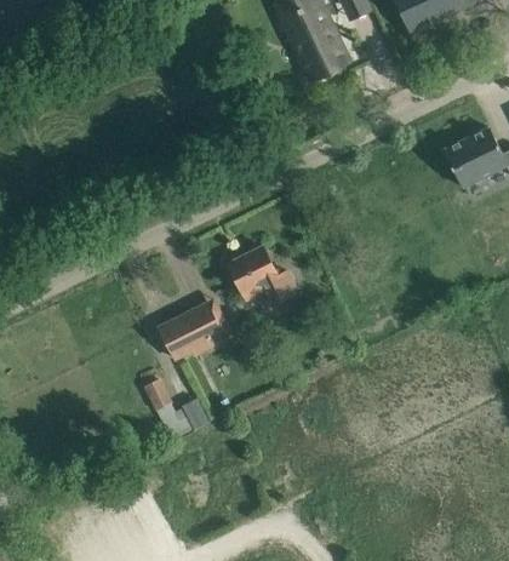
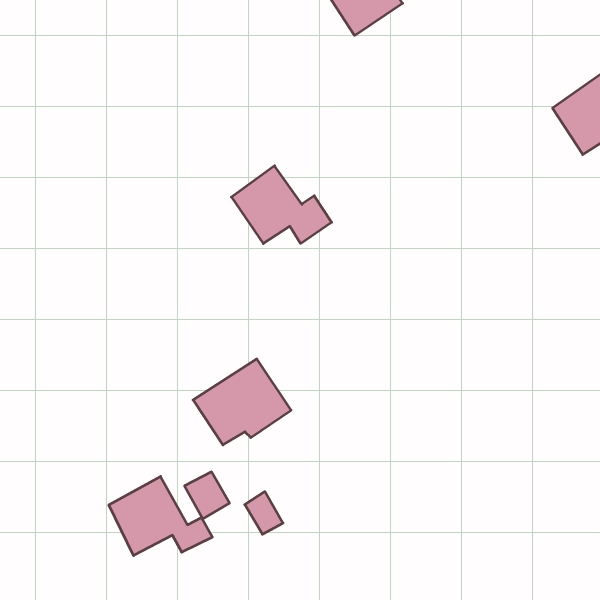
building: [229,246,298,304] -> [231,166,332,244]
building: none -> [109,476,212,556]

